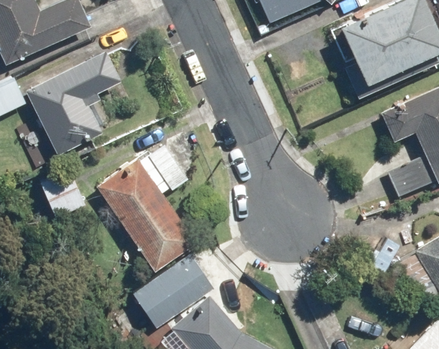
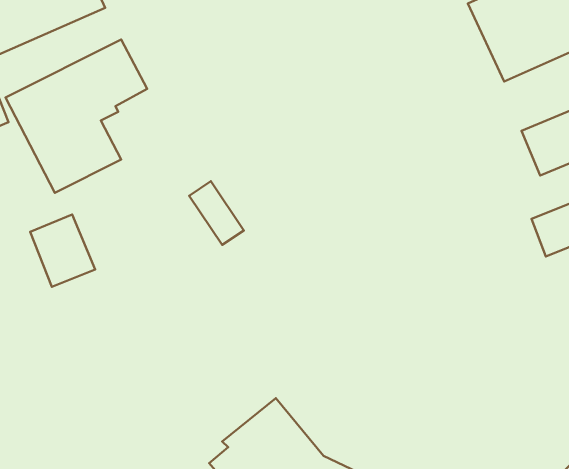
building: [96,157,196,274] -> none
building: [132,256,213,329] -> none

